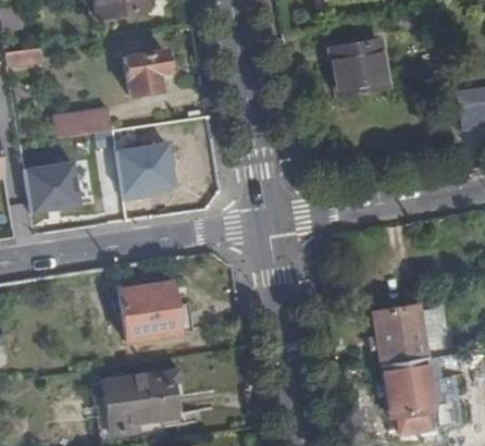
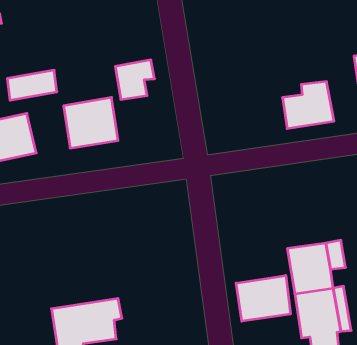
building: [327,42,387,97] -> [282,82,334,129]
building: [123,48,169,94] -> [115,60,155,99]
building: [121,283,181,340] -> none
building: none -> [236,275,290,321]

